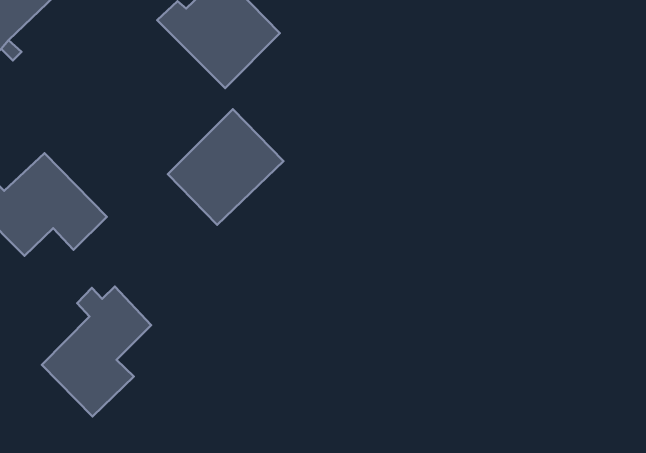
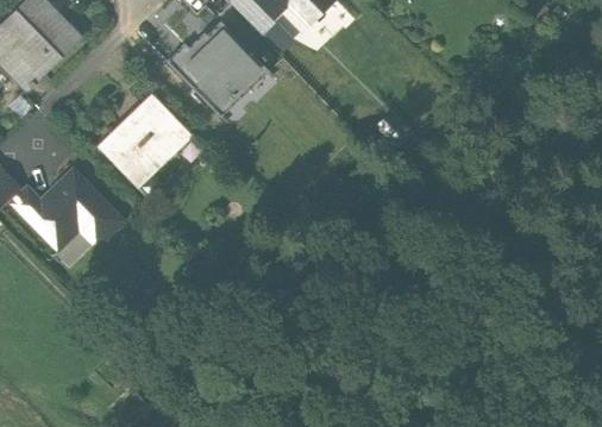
building: [168,109,283,225] -> [98,93,193,188]
building: [42,287,151,416] -> none

